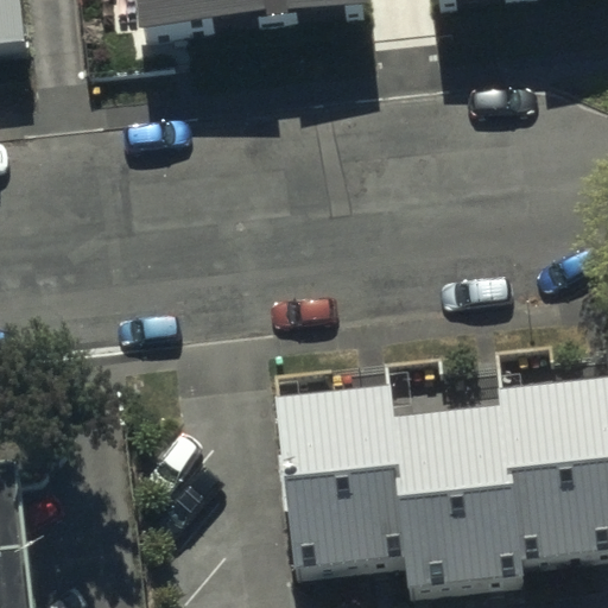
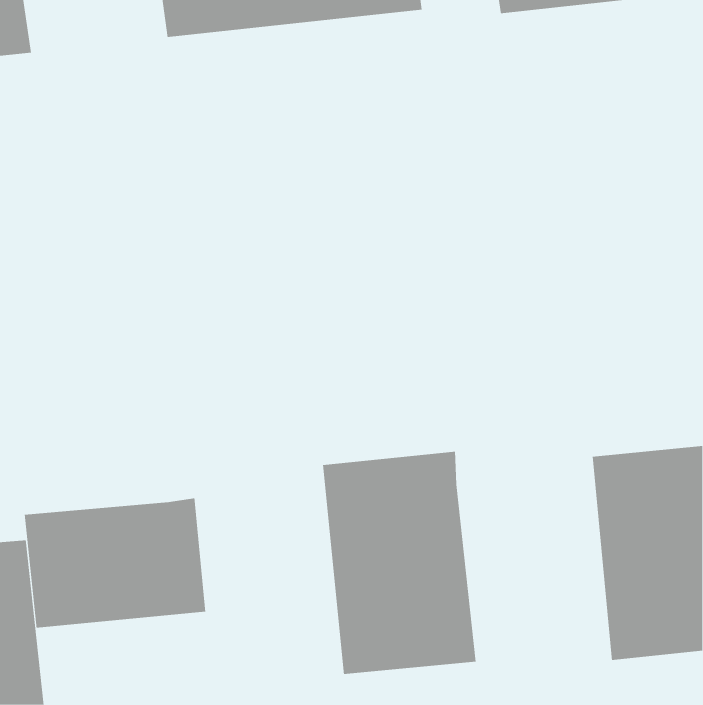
building: [391,403,526,596] -> none
building: none -> [24,497,206,629]

